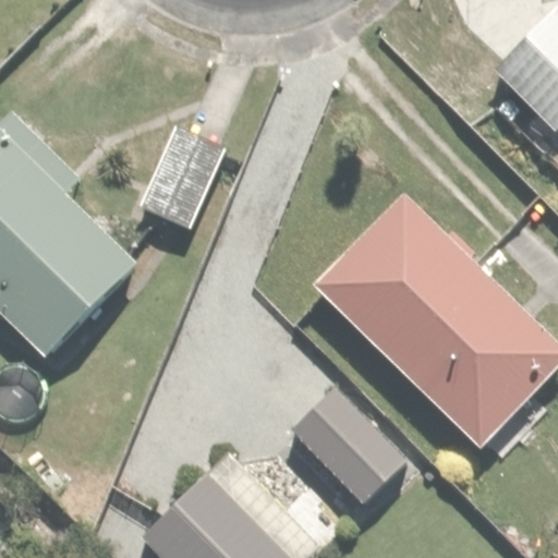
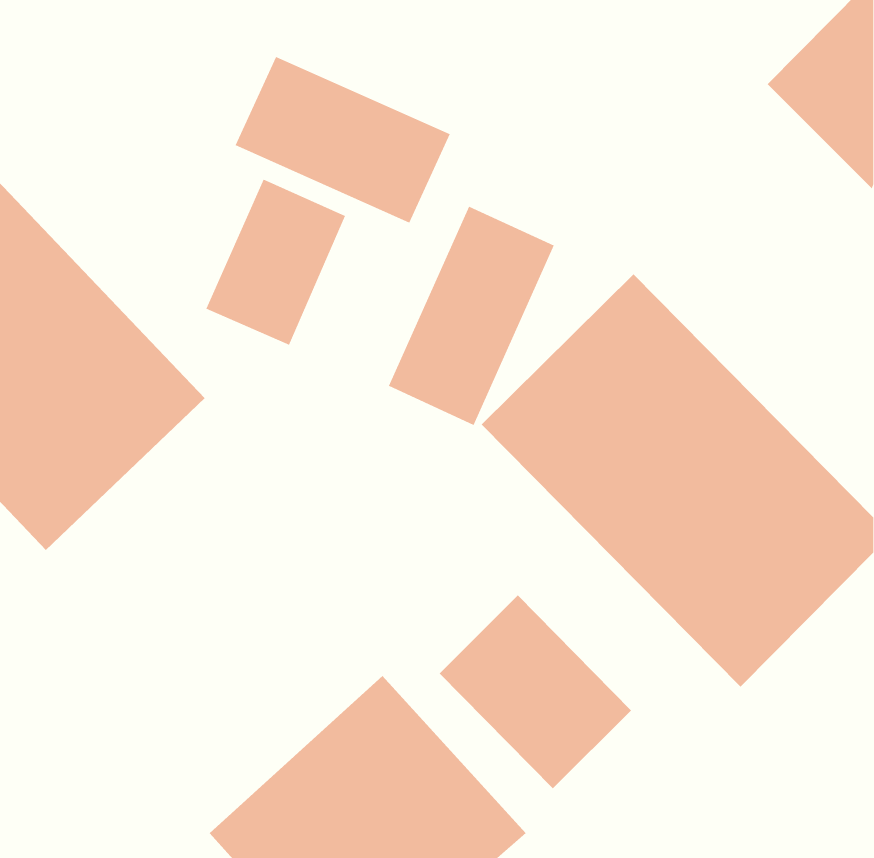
building: none -> [235,56,451,223]
building: none -> [388,206,555,426]

